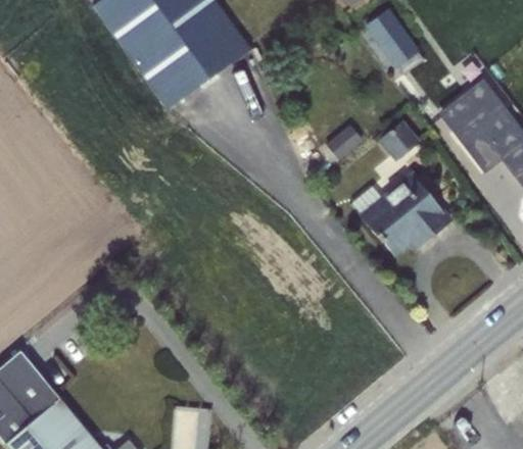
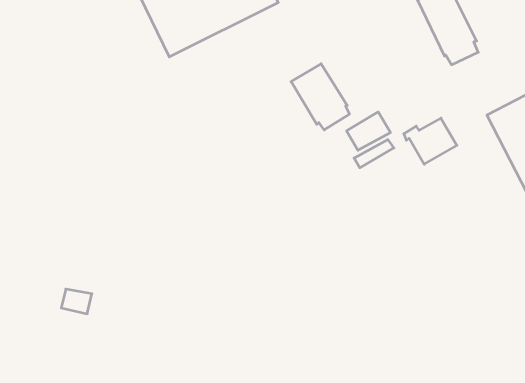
building: none -> [291,64,349,130]
building: [351,172,450,255] -> none

